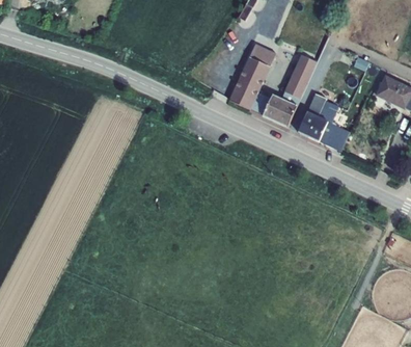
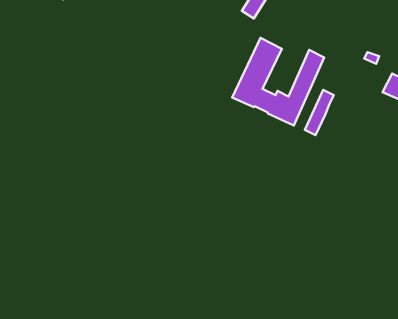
building: [309,106,351,151] -> none

